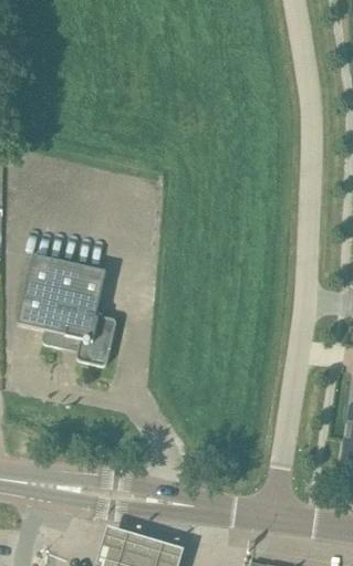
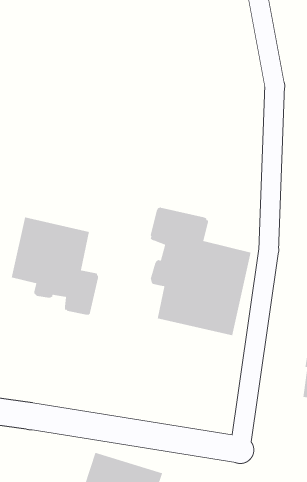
building: none -> [150,207,252,336]

